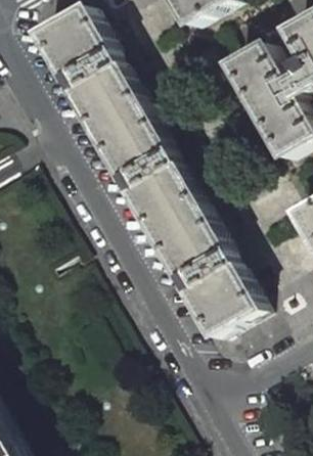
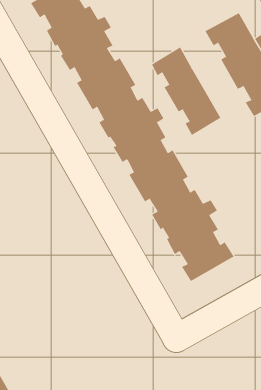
building: none -> [151,47,221,136]

